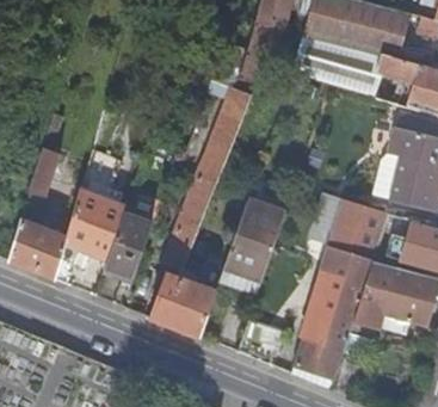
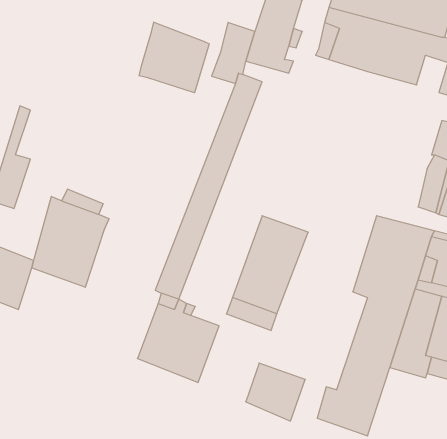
building: none -> [139,22,209,93]
building: [105,212,152,276] -> none

